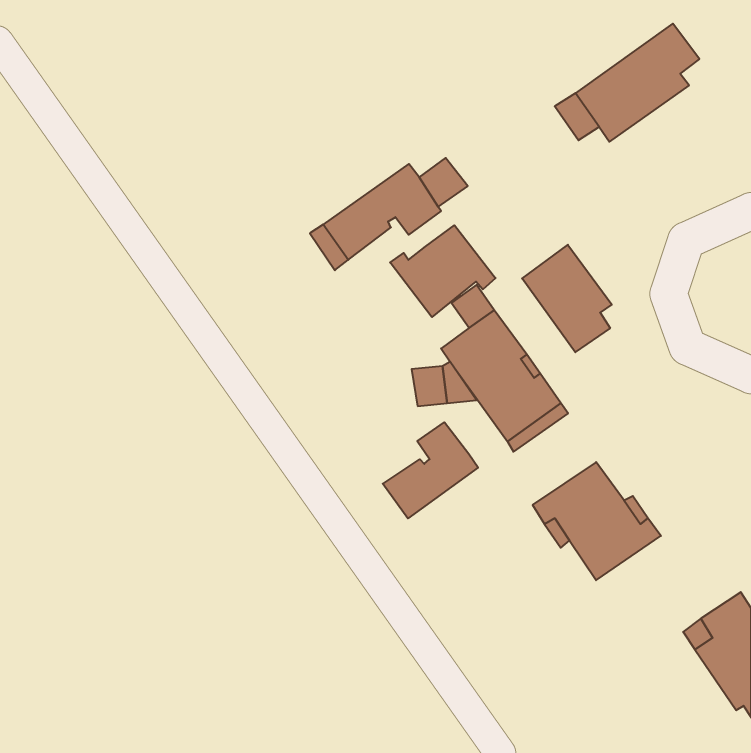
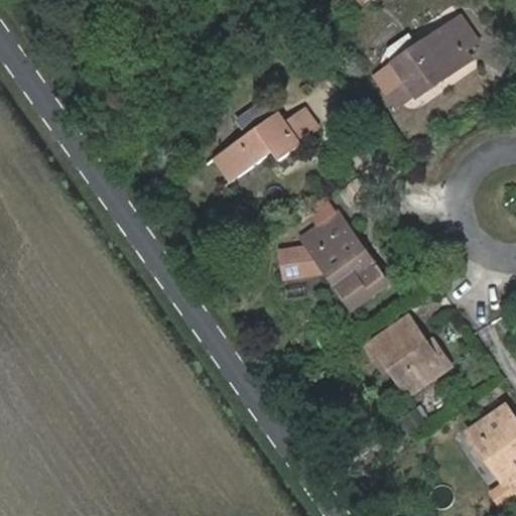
building: [390,225,496,317] -> none
building: [522,245,612,352] -> none
building: [383,422,478,518] -> none

